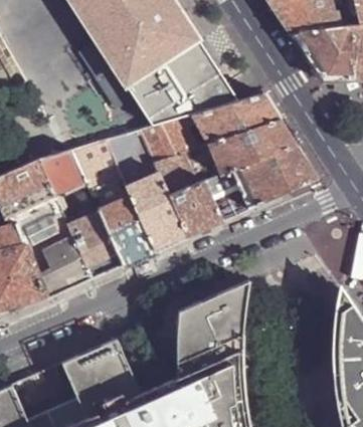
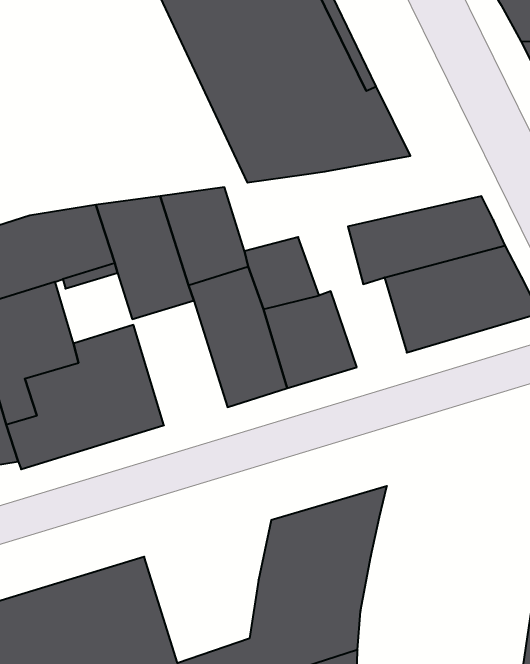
building: [193,96,280,146] -> none
building: [140,121,196,166] -> none
building: [204,171,249,221] -> none
building: [99,196,156,265] -> none

